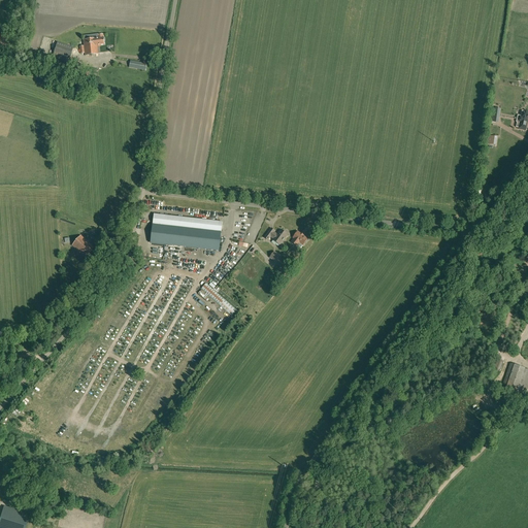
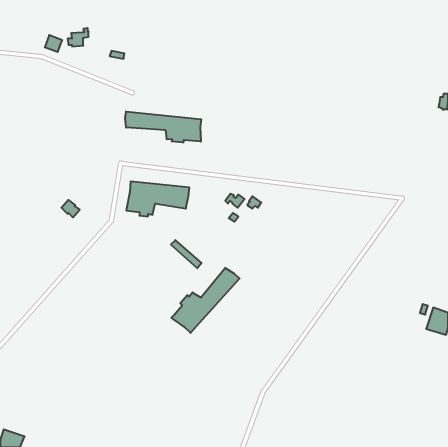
building: none -> [125,111,201,143]
building: none -> [171,268,240,333]

